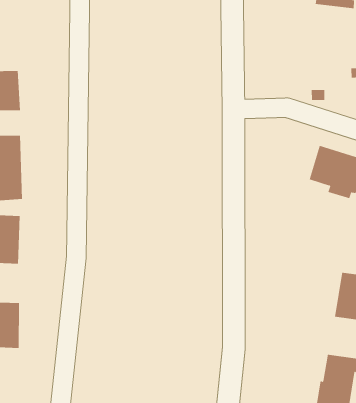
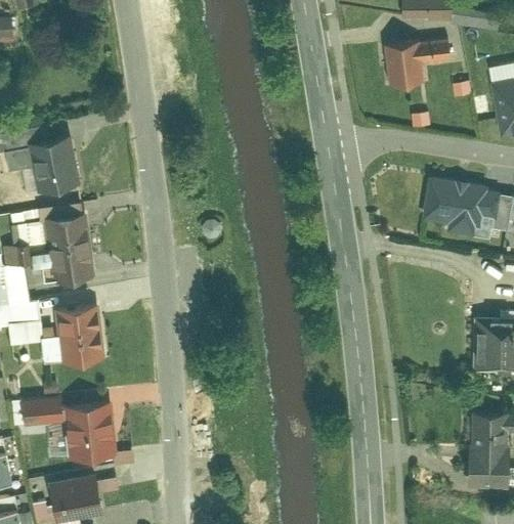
building: none -> [383,40,448,82]

